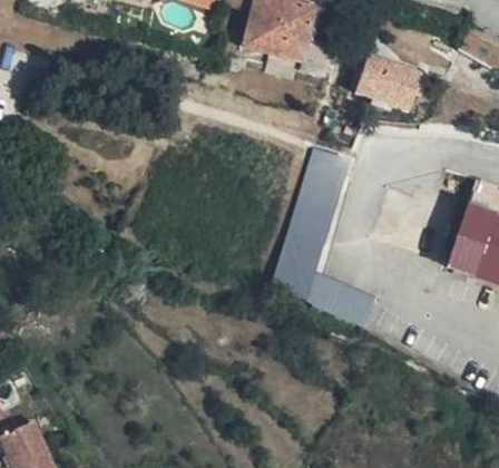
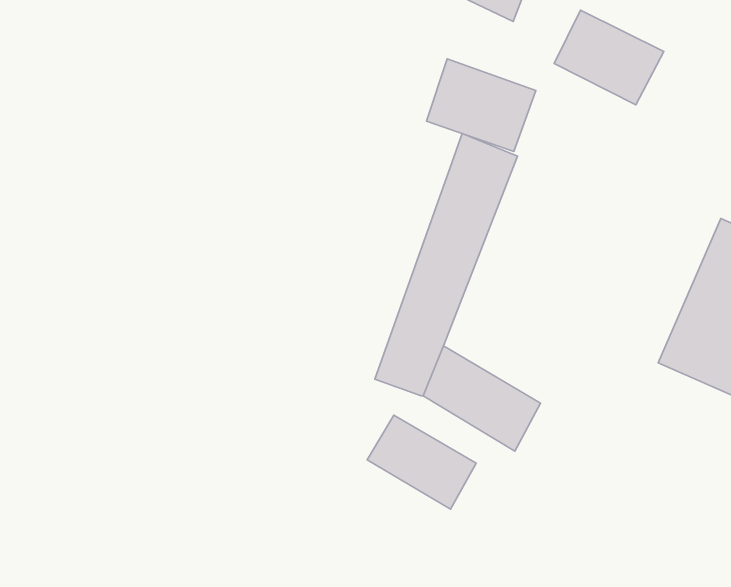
building: none -> [427,59,536,152]
building: none -> [367,415,476,509]

